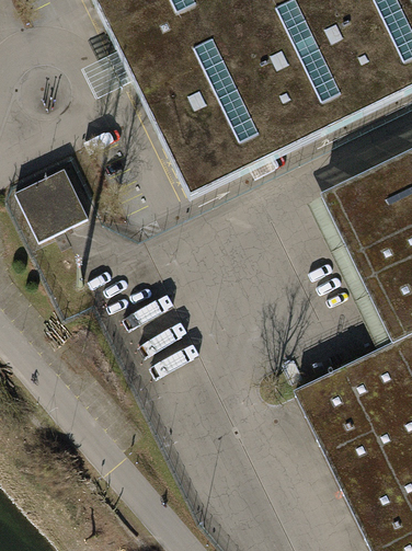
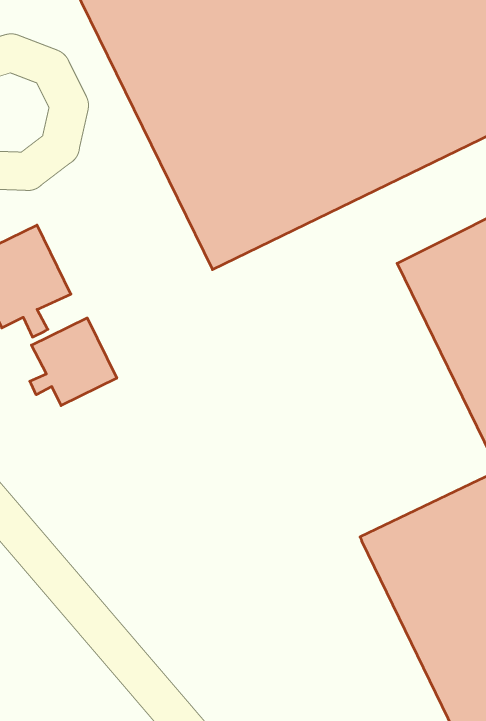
building: none -> [30,318,117,406]

